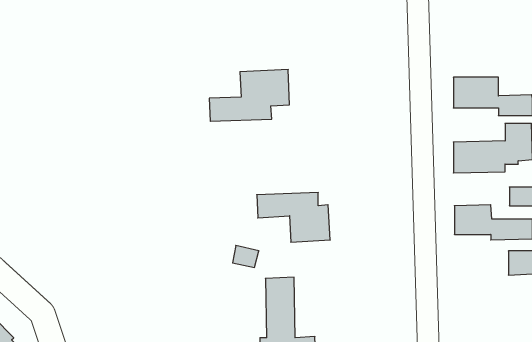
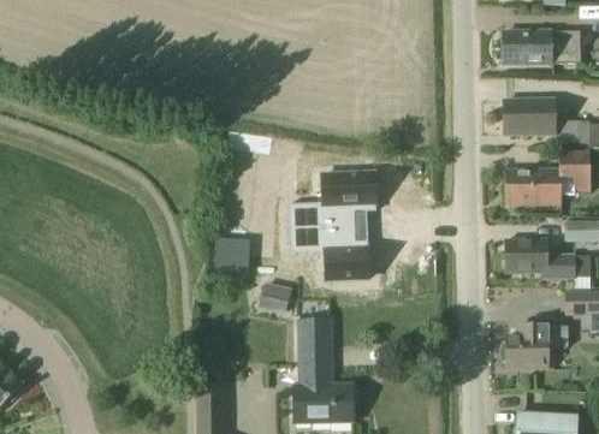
building: none -> [503,31,580,64]
building: [209,70,289,121] -> [287,172,375,228]
building: none -> [214,237,241,273]
building: none -> [499,325,568,368]

